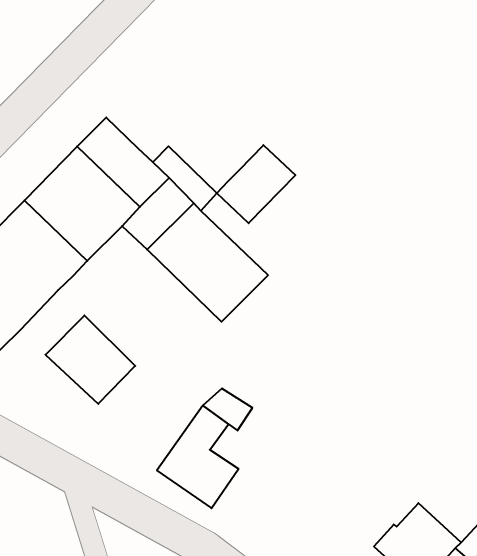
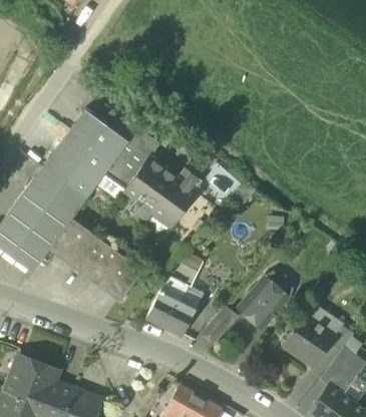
building: [217,145,295,223] -> none
building: none -> [52,218,89,258]
building: none -> [105,257,143,297]
building: none -> [239,274,291,329]
building: none -> [204,308,236,342]

